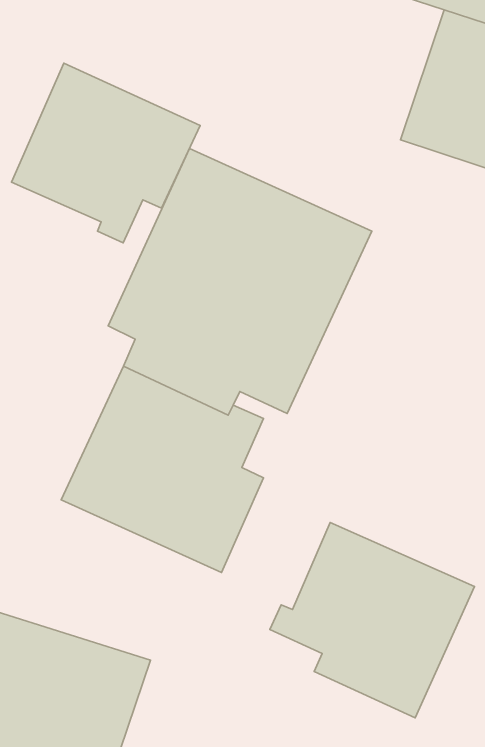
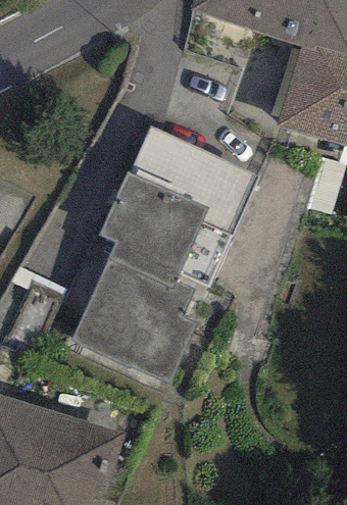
building: [11,63,200,243] -> none
building: [270,523,475,718] -> none

